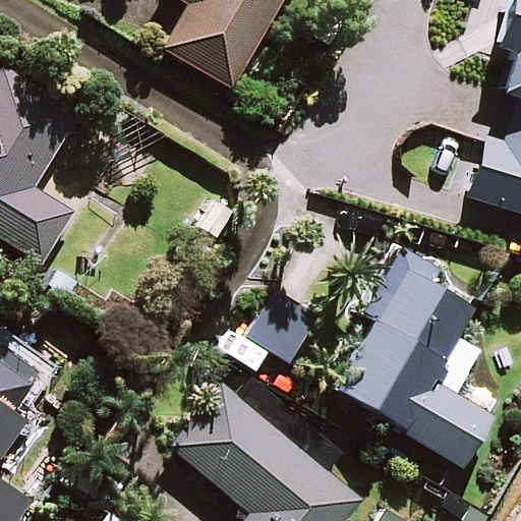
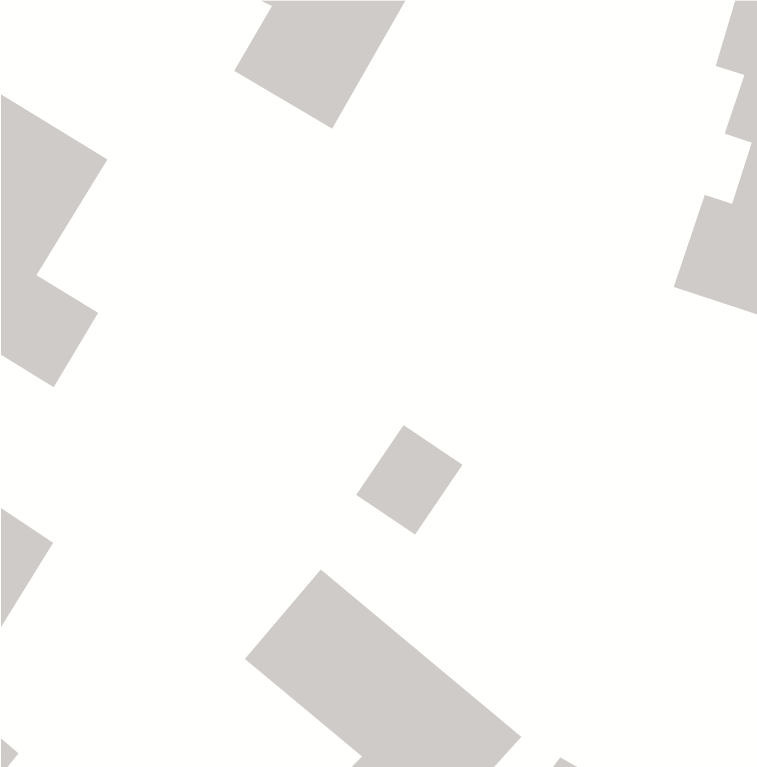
building: [336,247,495,470] -> none

